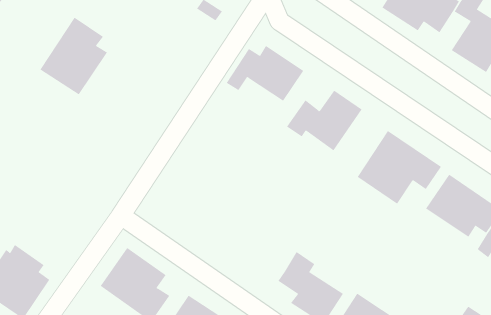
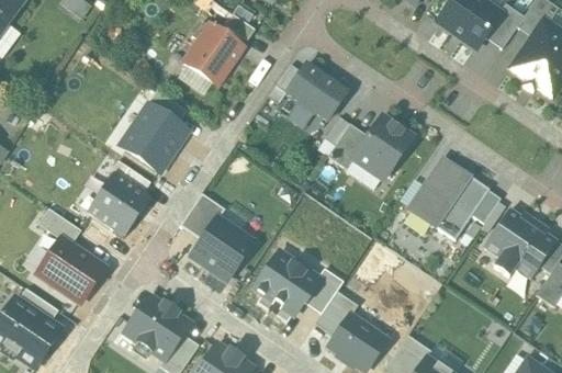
building: none -> [186,21,245,84]
building: [39,17,108,95] -> [116,89,192,176]
building: none -> [88,159,153,236]
building: none -> [182,195,256,282]
building: none -> [34,208,110,306]
building: none -> [257,251,345,316]

